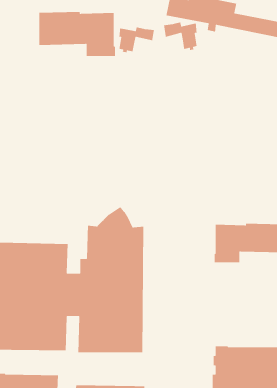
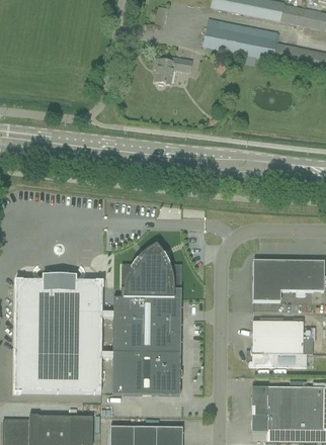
building: [39,11,116,57] -> none
building: [163,21,197,51] -> none
building: none -> [249,322,307,366]

